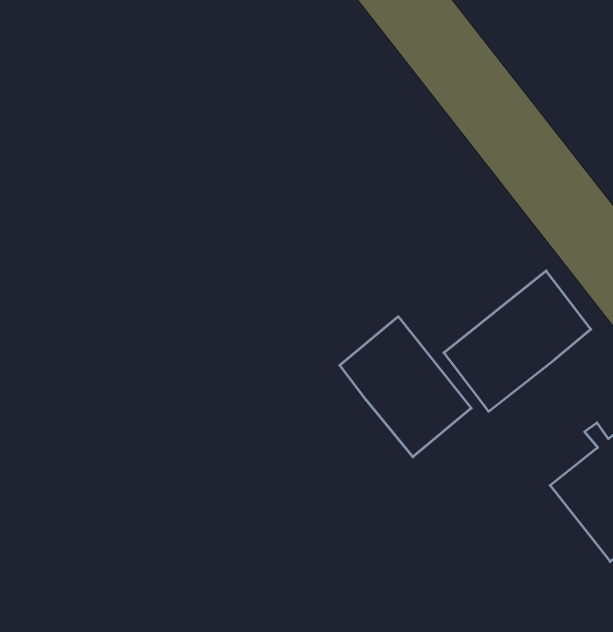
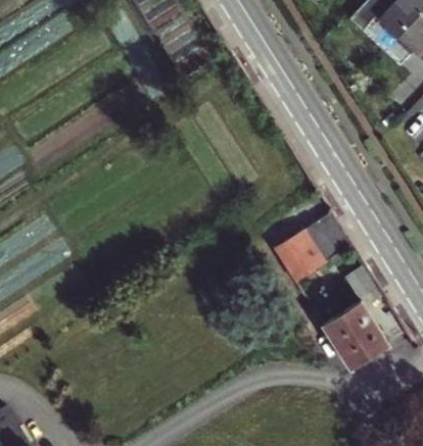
building: [340,317,471,457] -> none

